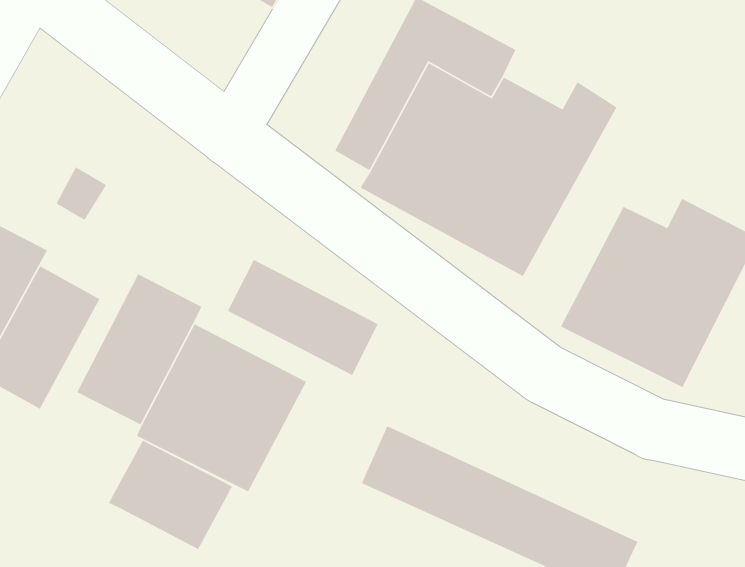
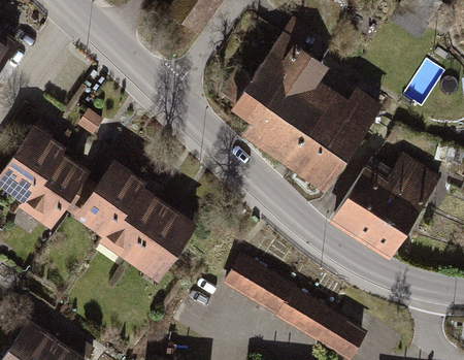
building: [227,259,379,376] -> none
building: [108,439,233,550] -> none

